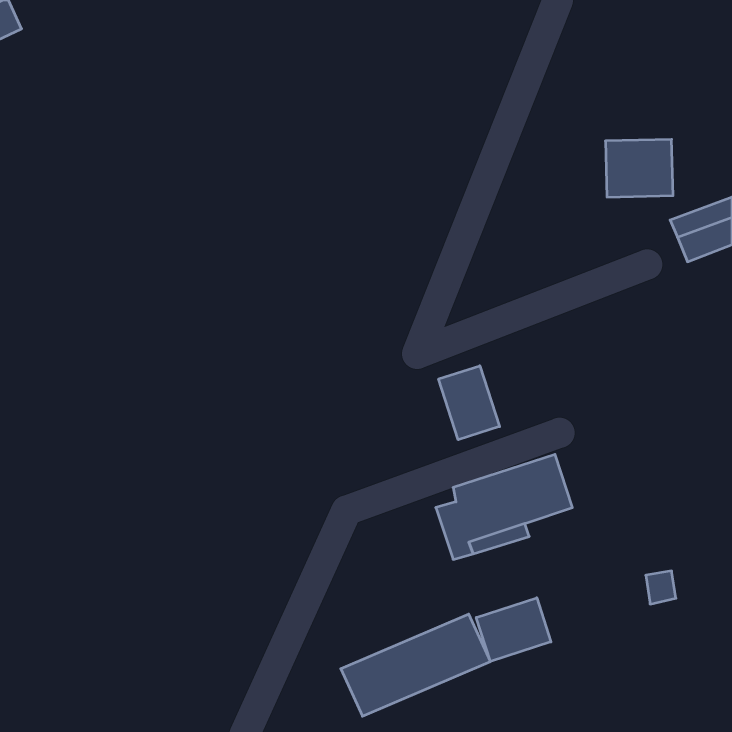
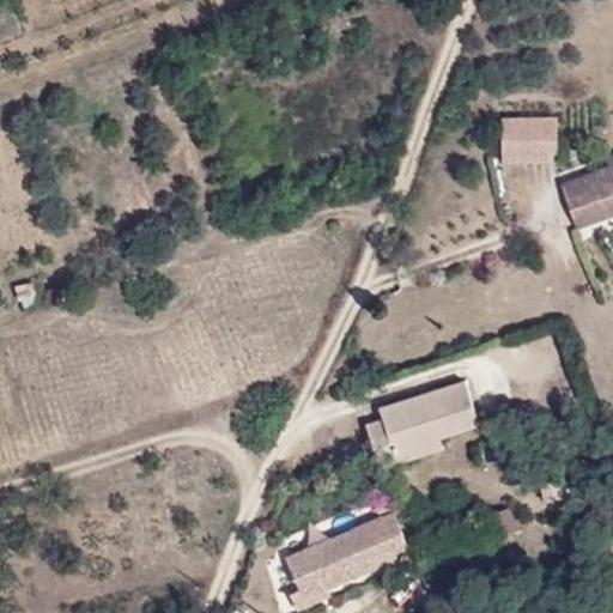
building: [439,366,500,440] -> none
building: [476,598,551,662] -> none

